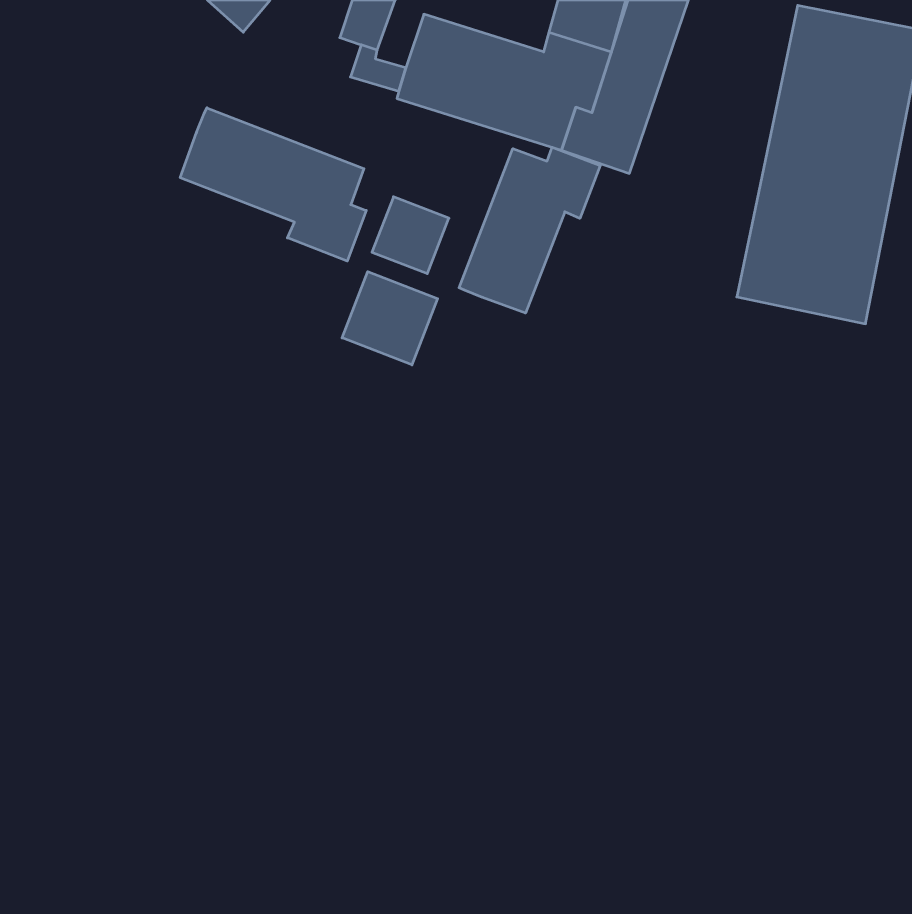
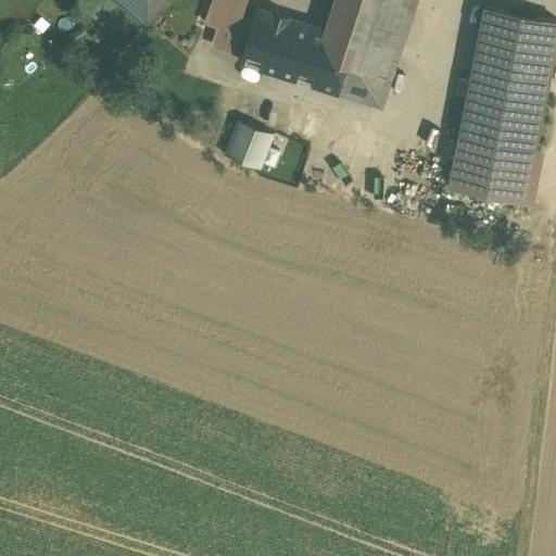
building: [180,108,366,261] -> none
building: [459,147,600,313] -> none
building: [342,272,438,365] -> none

